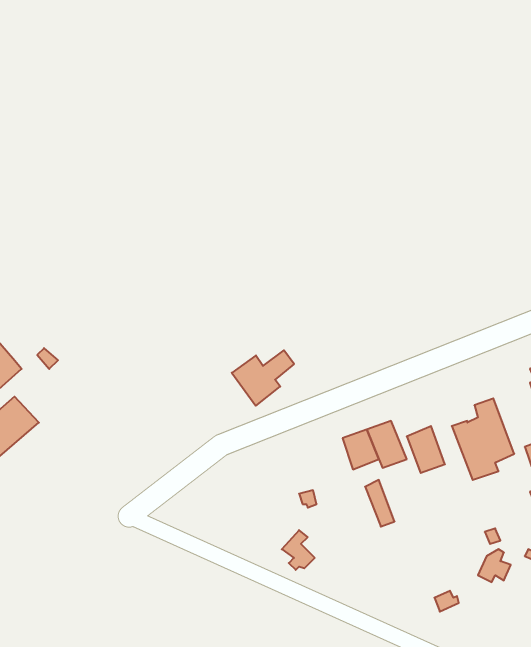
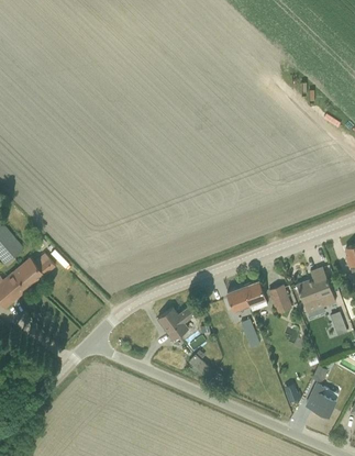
building: [232,350,294,406] -> [157,304,197,340]
building: none -> [19,254,54,282]
building: none -> [306,385,337,415]

